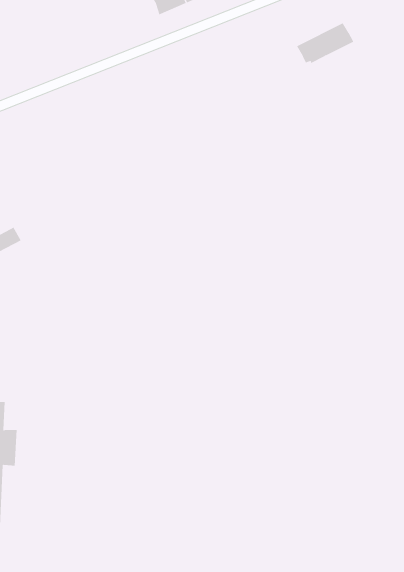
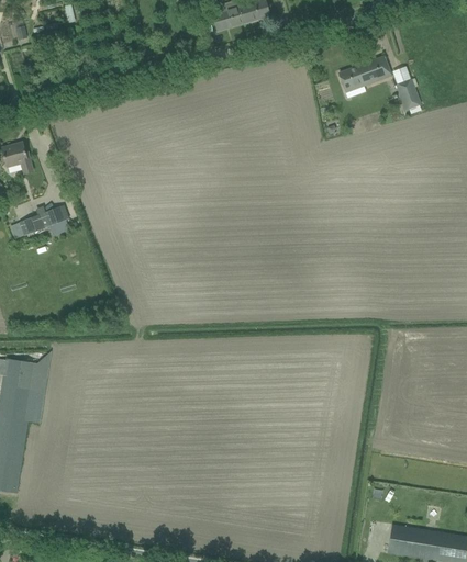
building: none -> [396,79,420,110]

